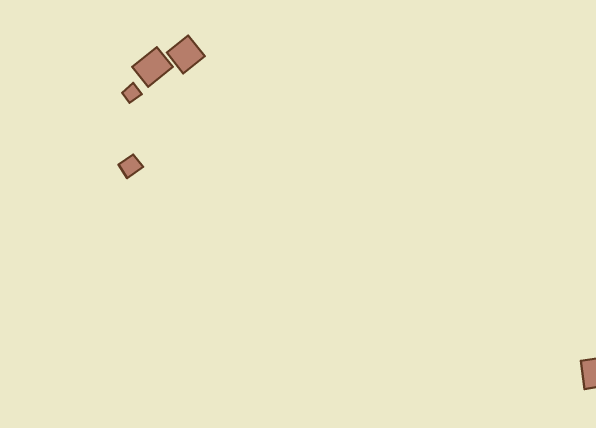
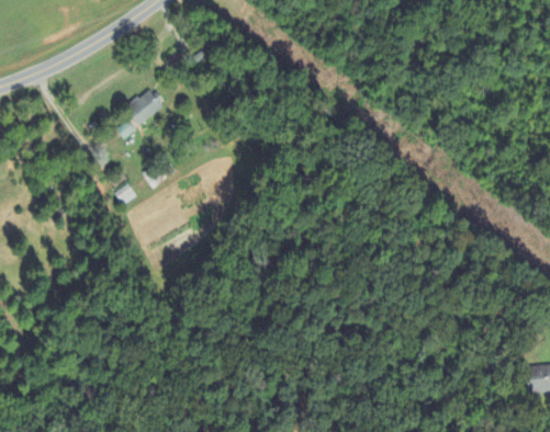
building: [167,35,205,73] -> none

